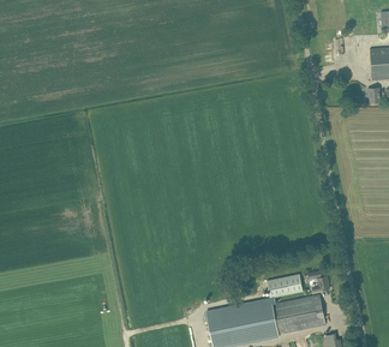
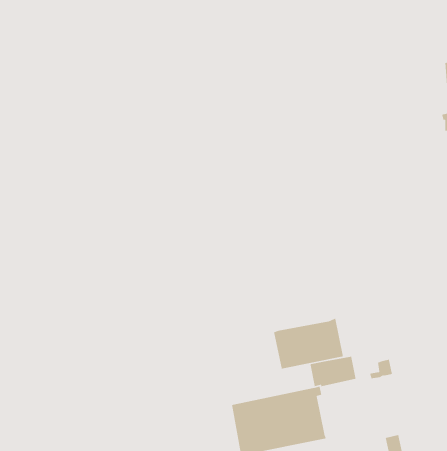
building: [273,294,327,334] -> [273,318,344,369]

